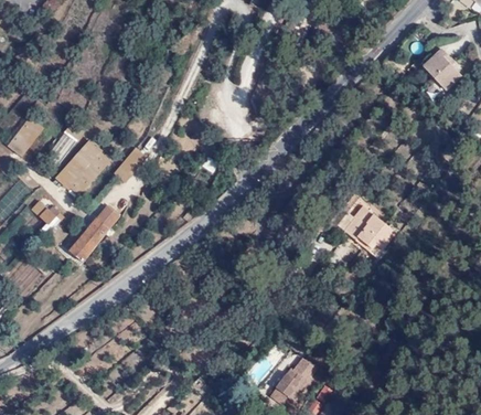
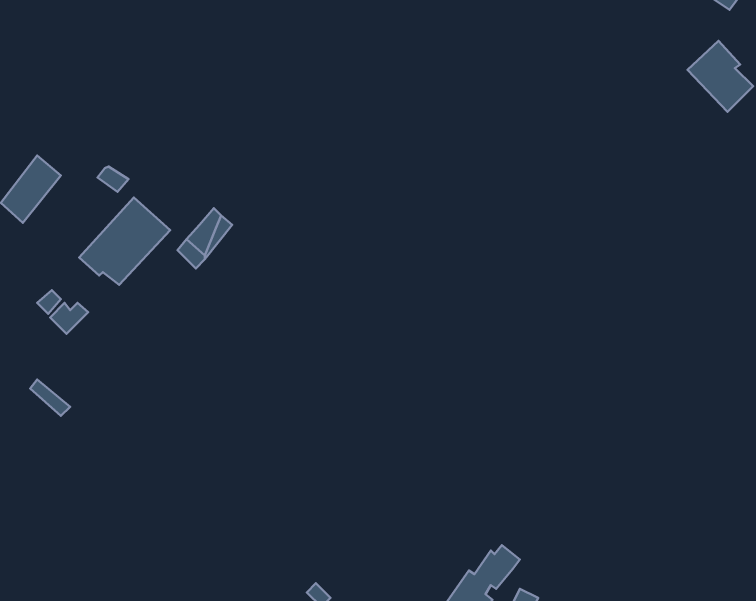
building: [345,204,398,258] -> none
building: [66,208,116,259] -> none

